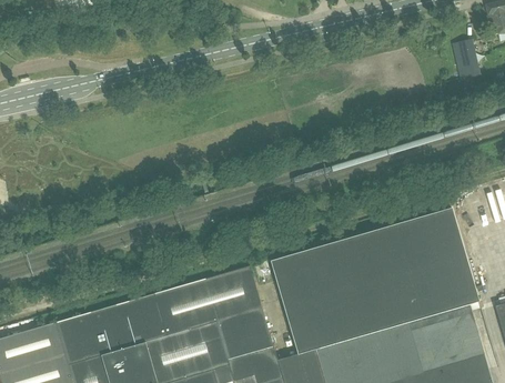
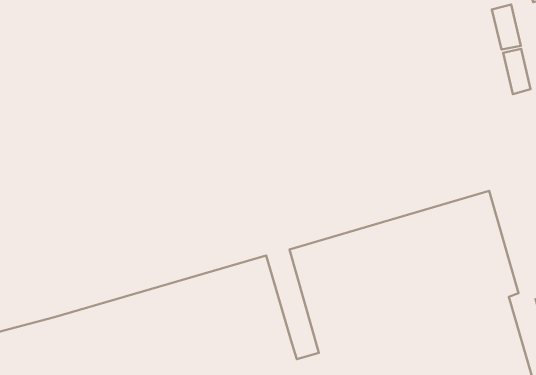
building: none -> [503,49,531,94]

